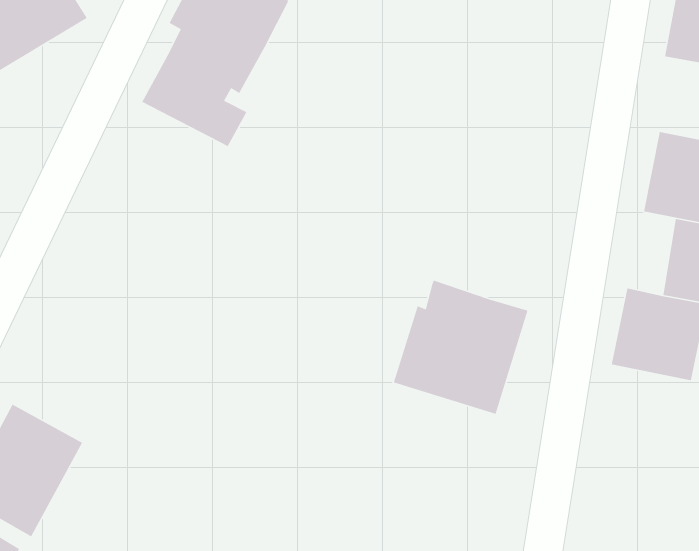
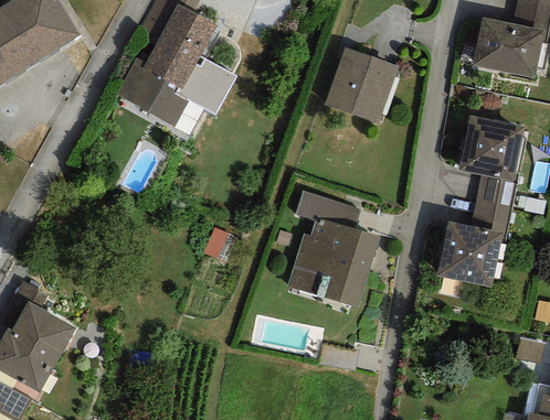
building: none -> [324,46,400,123]
building: none -> [172,57,236,112]
building: none -> [295,191,360,229]

